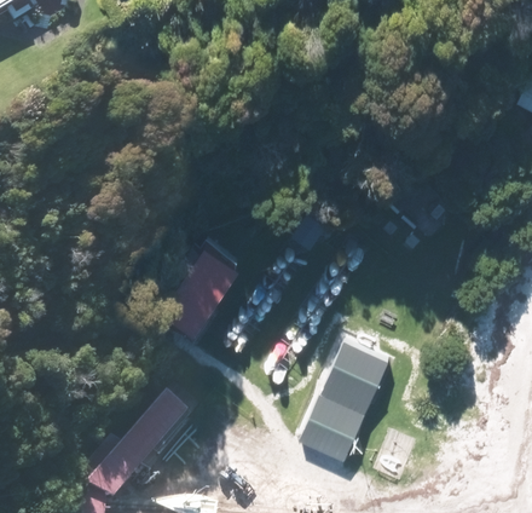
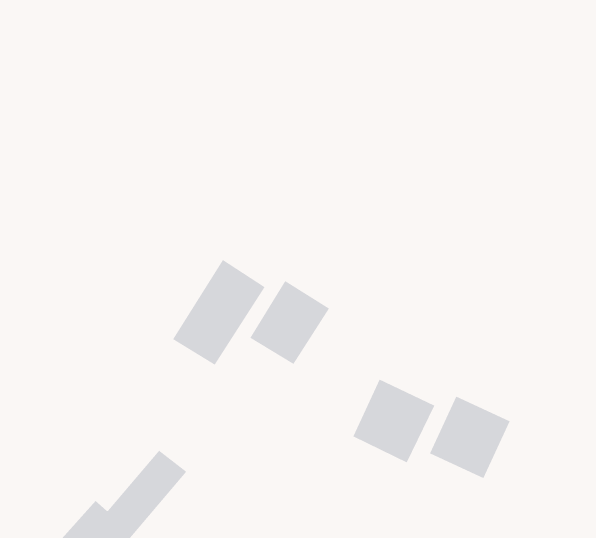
building: none -> [249,280,330,365]
building: [300,391,366,459] -> [429,396,511,479]

